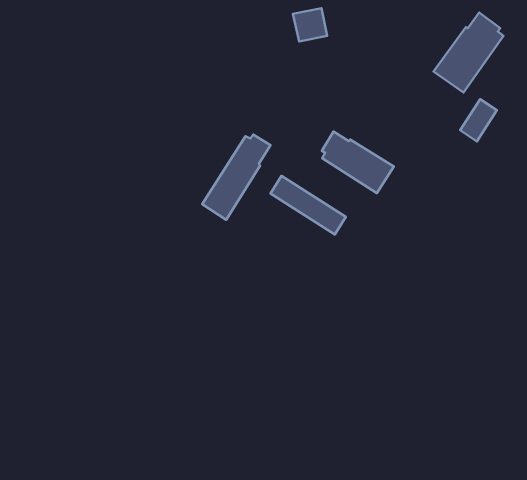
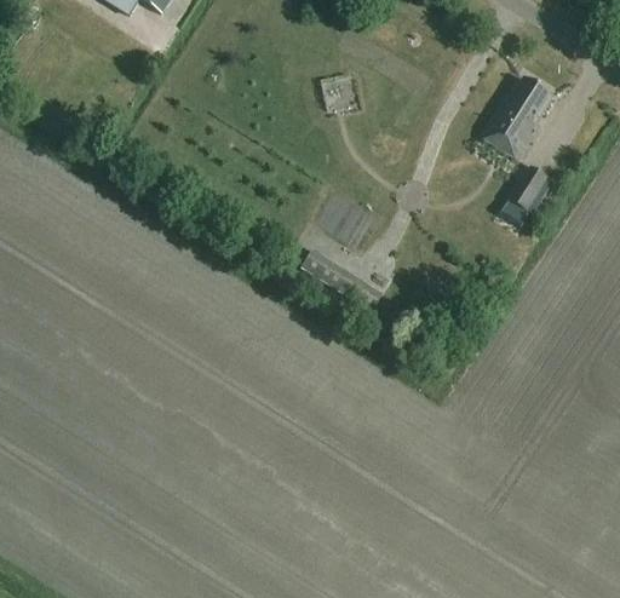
building: [322,131,394,193] -> none
building: [202,135,271,220] -> none

